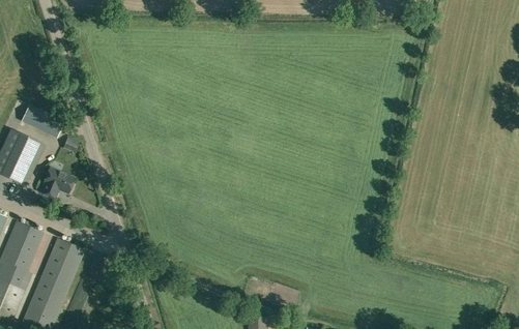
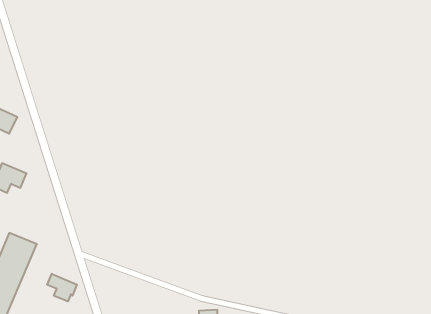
building: none -> [47,274,77,301]

